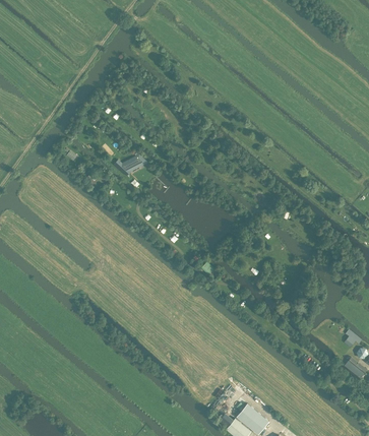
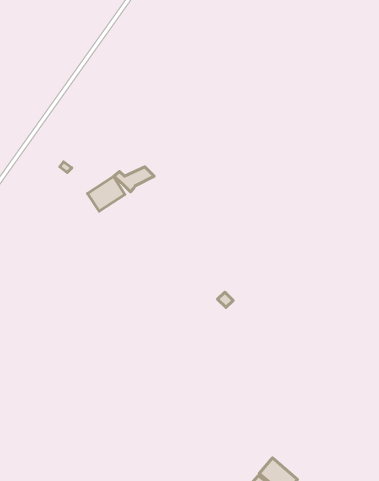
building: none -> [88,176,125,211]

